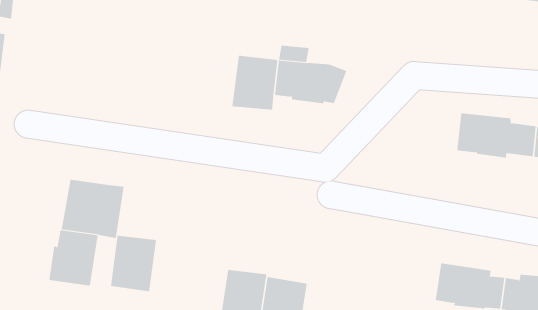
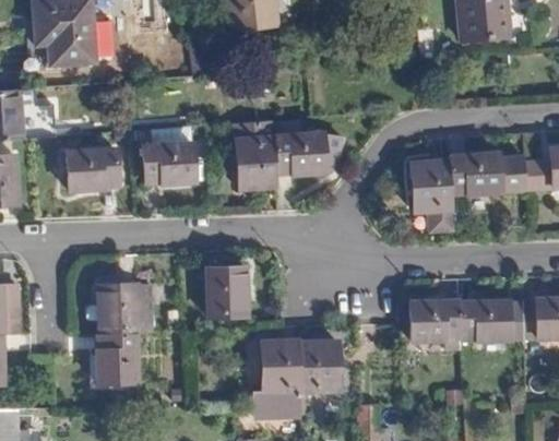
building: none -> [67,147,116,189]
building: none -> [143,145,193,186]
building: none -> [414,159,457,228]
building: [110,235,157,292] -> [203,265,243,317]
building: none -> [408,298,460,338]

